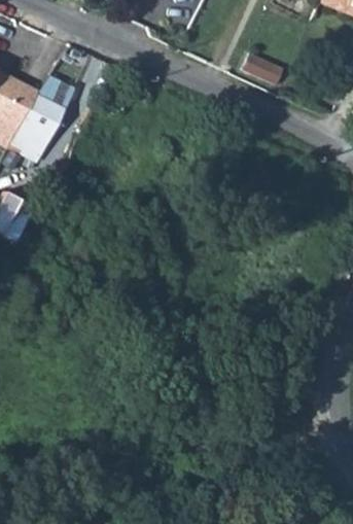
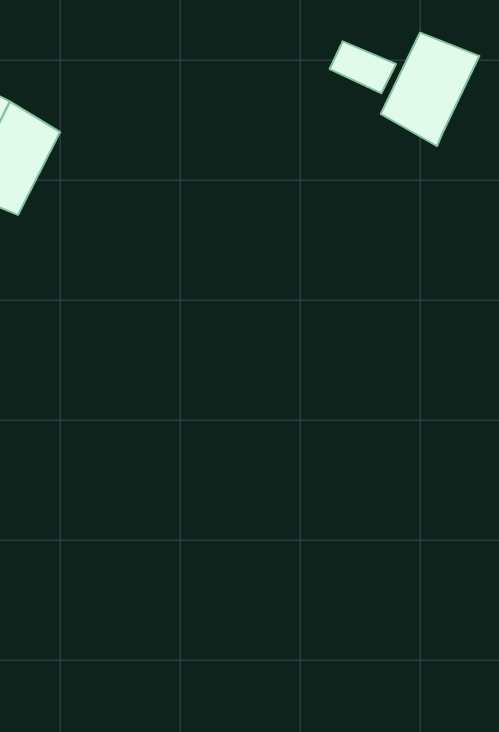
building: none -> [381,33,479,146]

